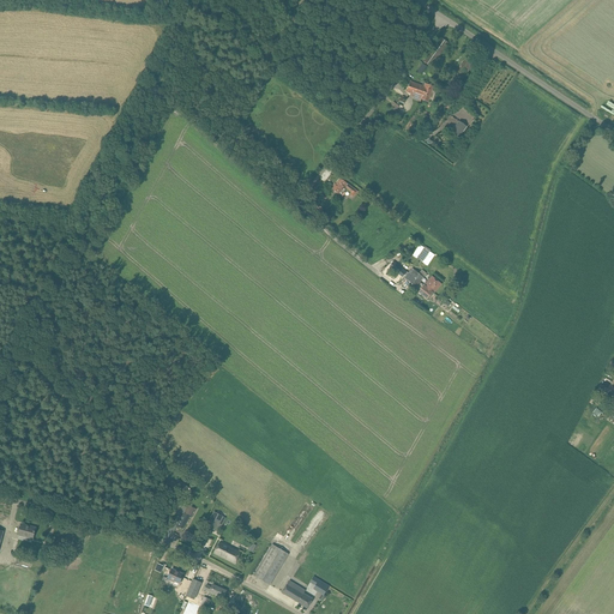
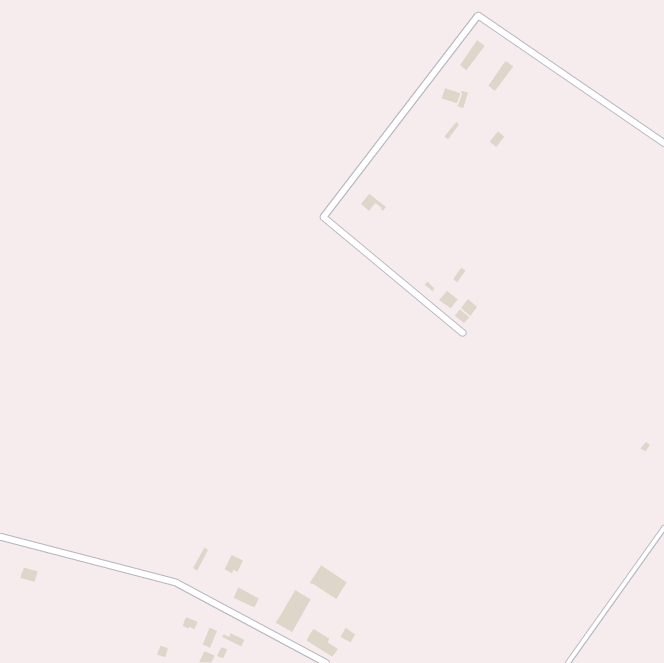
building: none -> [308,564,348,600]

